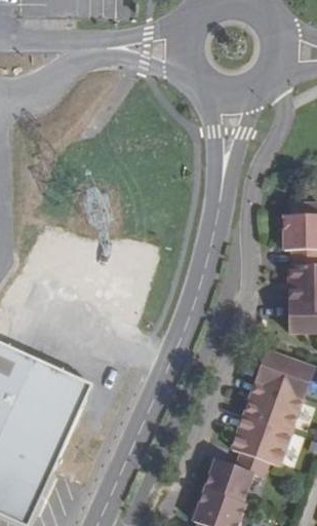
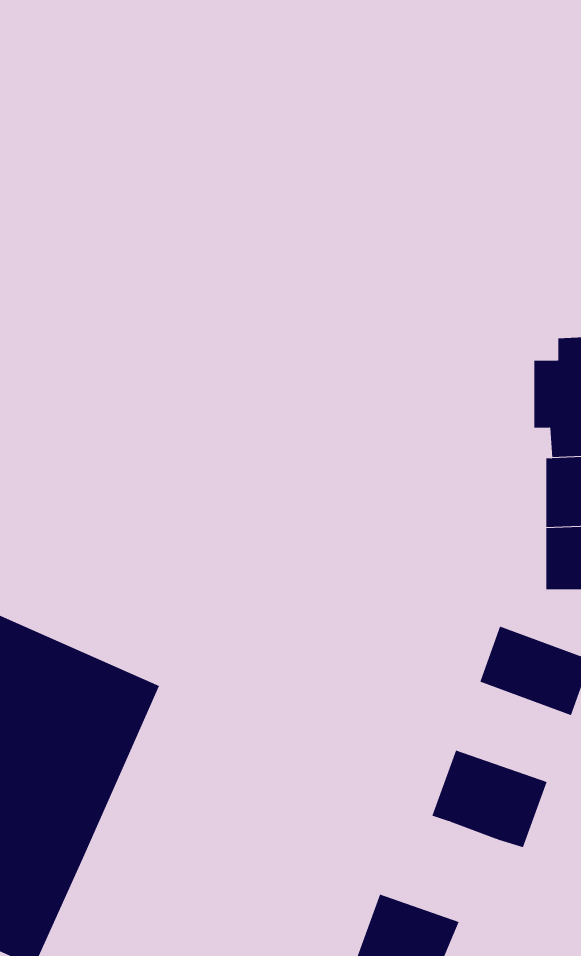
building: [243,379,303,430] -> none
building: [204,451,265,503] -> none

